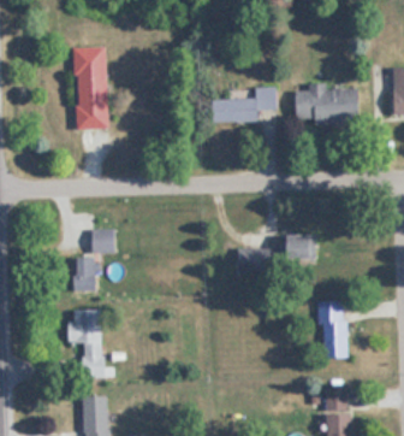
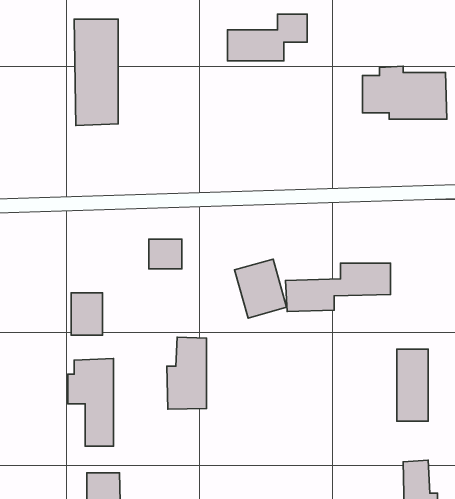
building: [215,87,277,123] -> [227,14,307,61]
building: [90,229,115,252] -> [149,239,182,269]
building: none -> [235,259,287,318]
building: none -> [167,337,206,409]

